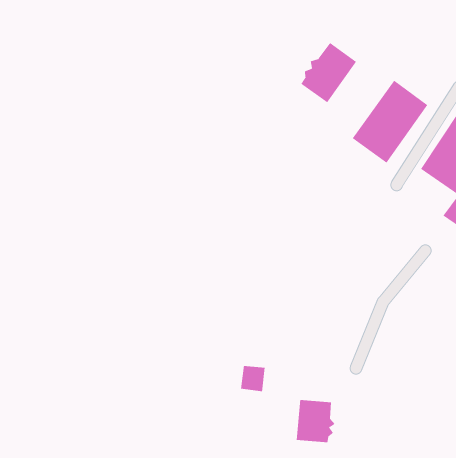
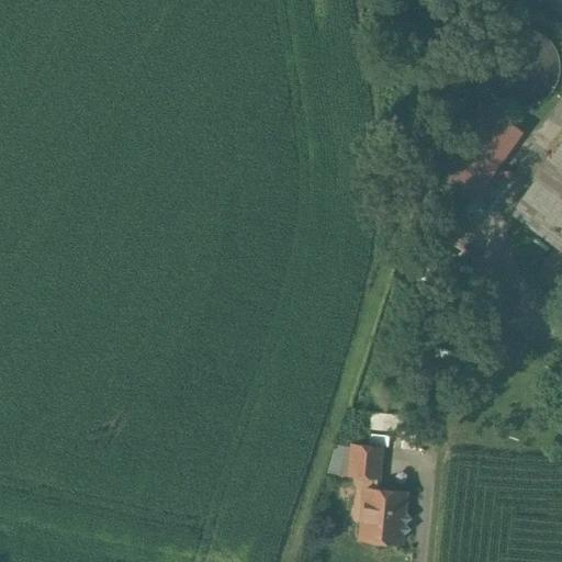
building: [301,42,357,103] -> none
building: [240,366,265,392] -> [355,446,385,477]

